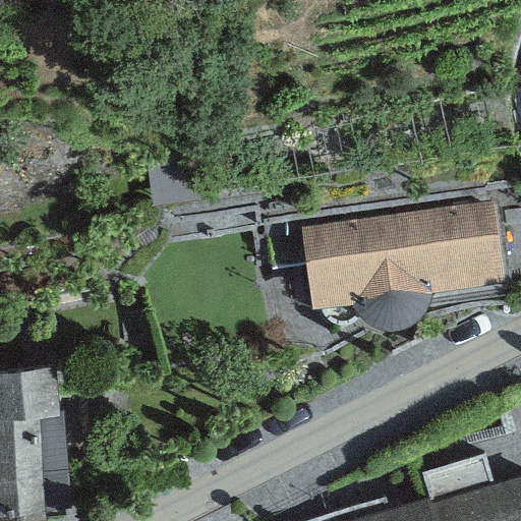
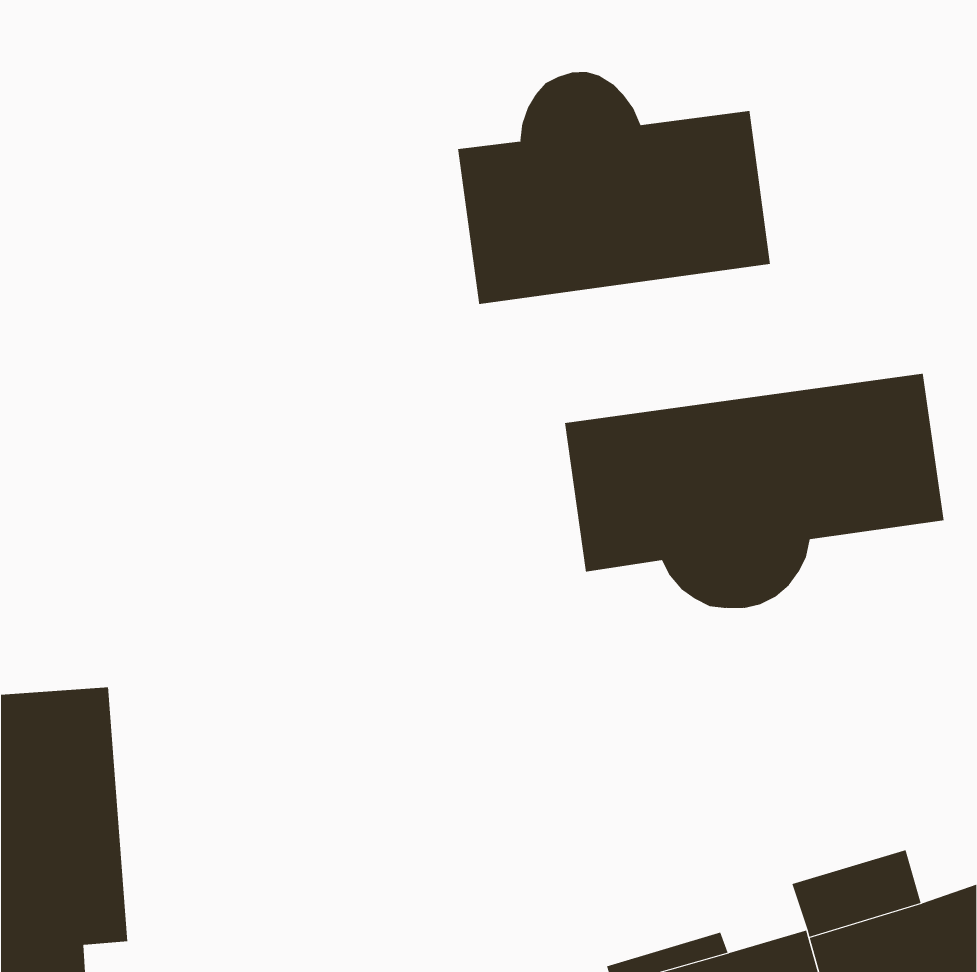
building: none -> [458,71,771,305]

